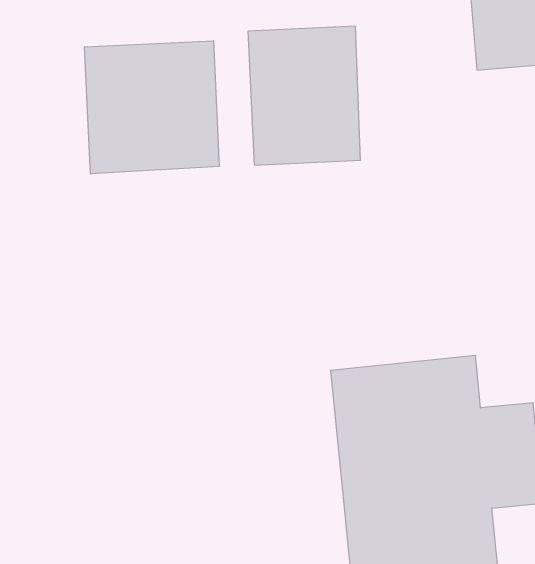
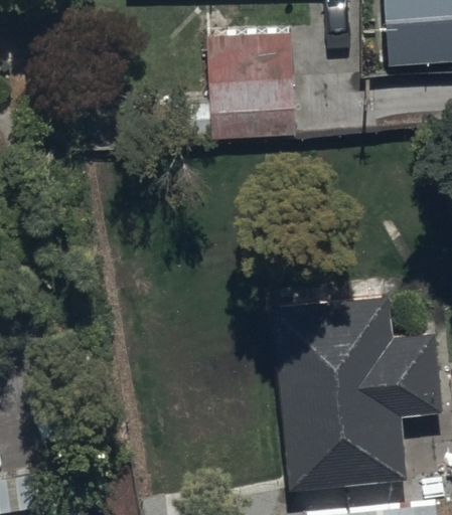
building: [85,41,219,174] -> none

